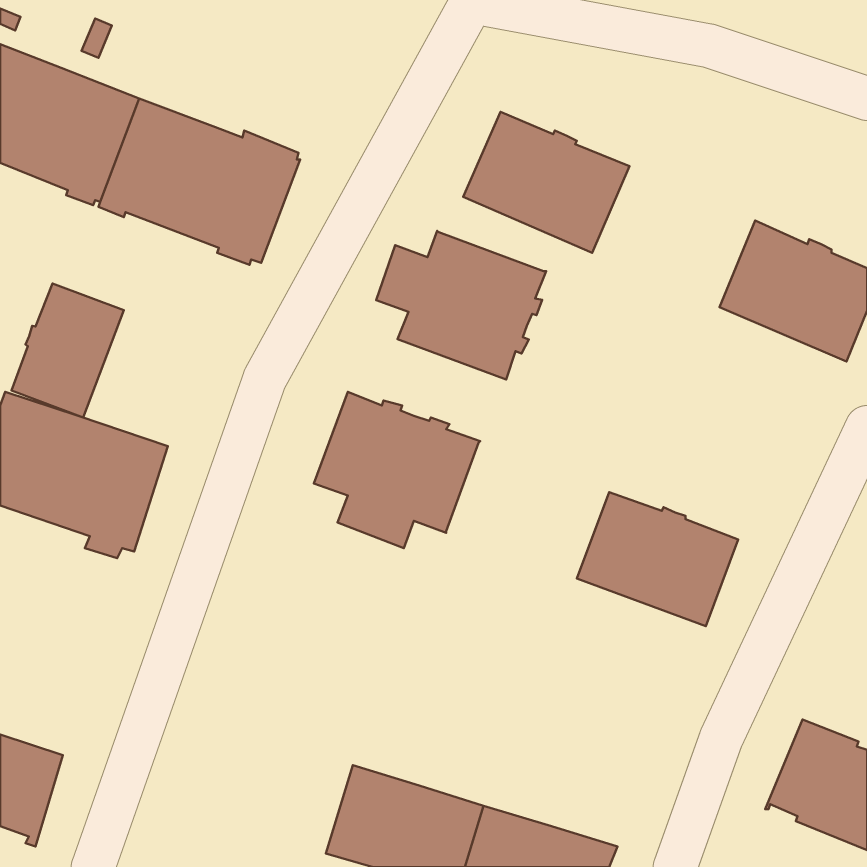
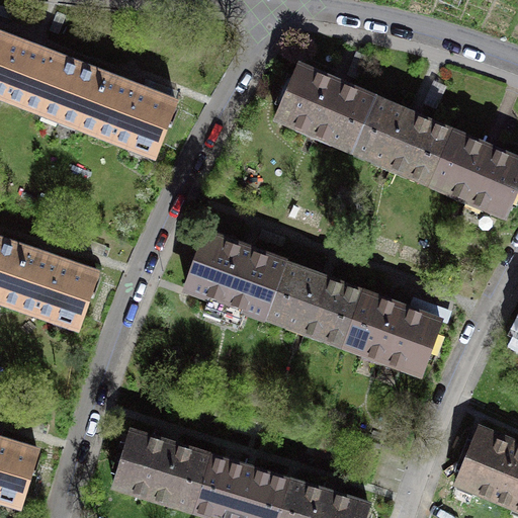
building: none -> [353,99,450,183]
building: [376,231,546,379] -> none
building: [12,283,124,417] -> none
building: none -> [266,264,363,345]
building: none -> [114,432,210,509]

